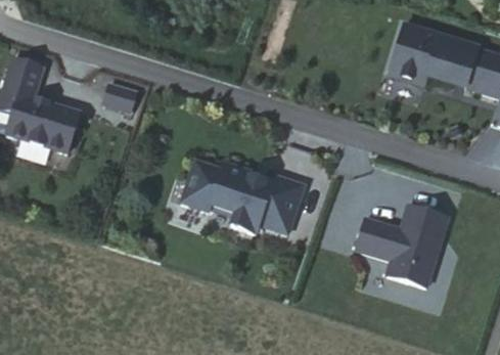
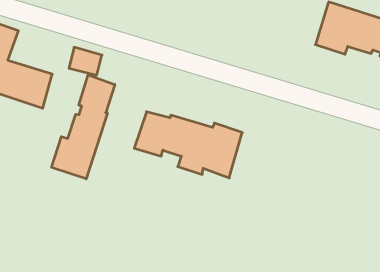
building: none -> [52,75,115,179]
building: [352,203,450,287] -> none

